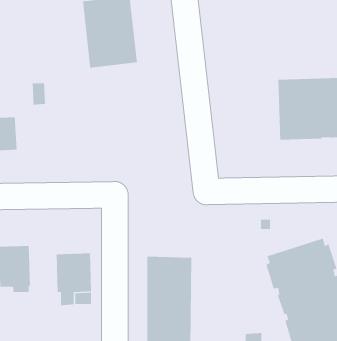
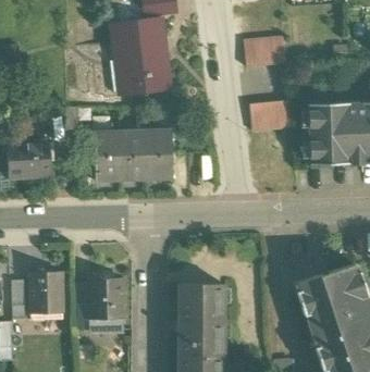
building: none -> [244,38,285,69]
building: none -> [249,101,291,132]
building: none -> [94,133,172,182]

